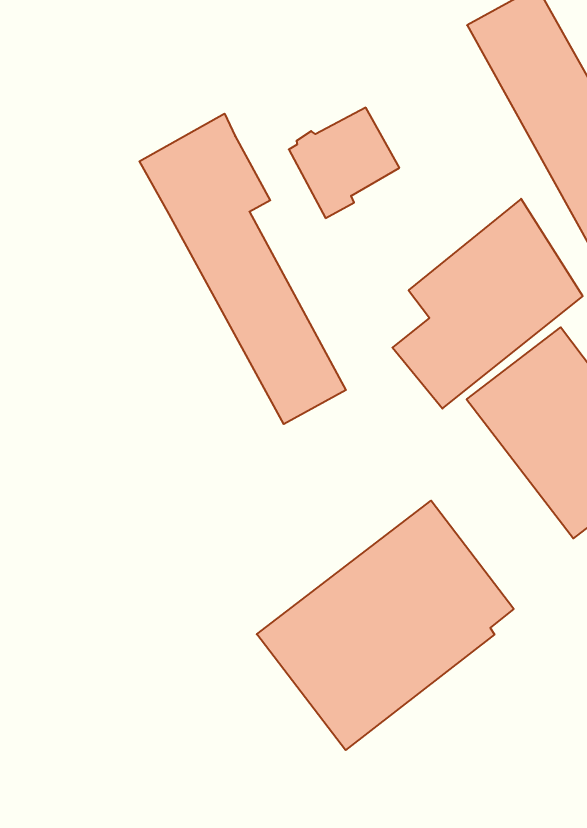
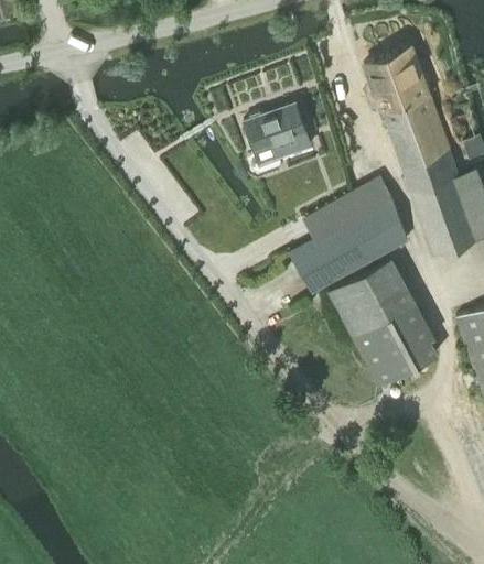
building: [139,114,346,424] -> none
building: [257,501,514,750] -> none

